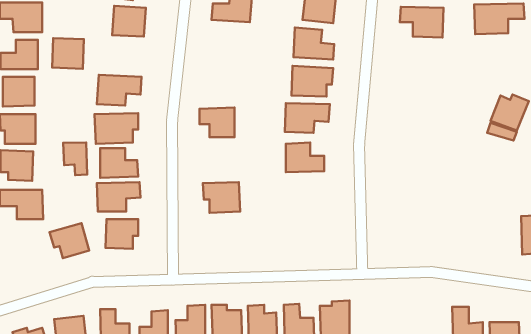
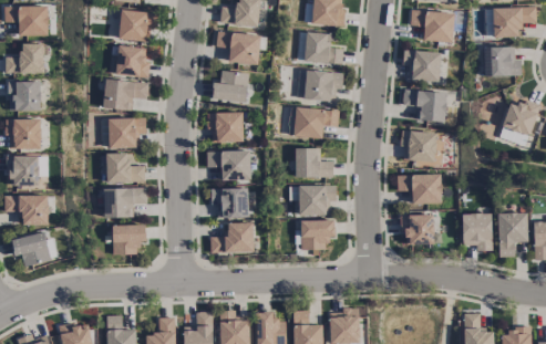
building: none -> [217,31,261,64]
building: [52,38,84,69] -> [117,45,150,76]
building: none -> [484,46,522,75]
building: none -> [404,50,441,81]
building: none -> [214,71,249,101]
building: none -> [403,90,447,121]
building: none -> [401,131,439,164]
building: [63,143,87,175] -> none
building: none -> [207,150,251,180]
building: none -> [398,174,443,204]
building: none -> [299,185,337,215]
building: none -> [463,212,493,250]
building: none -> [498,212,529,257]
building: none -> [402,213,435,244]
building: none -> [301,219,337,249]
building: none -> [210,222,255,252]
building: [50,223,89,258] -> [12,231,52,267]

